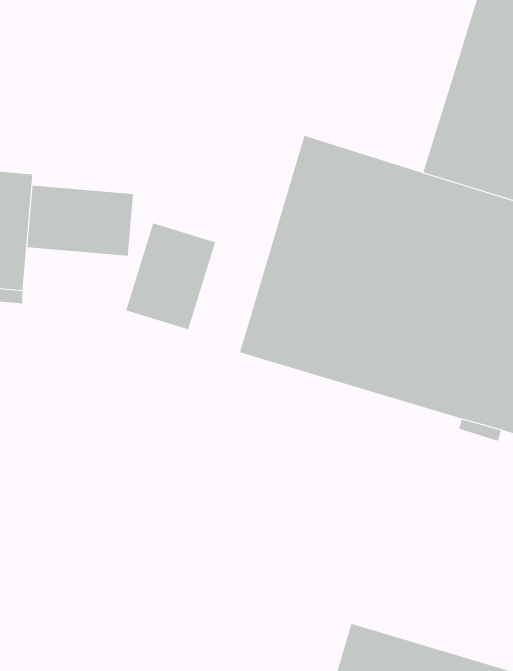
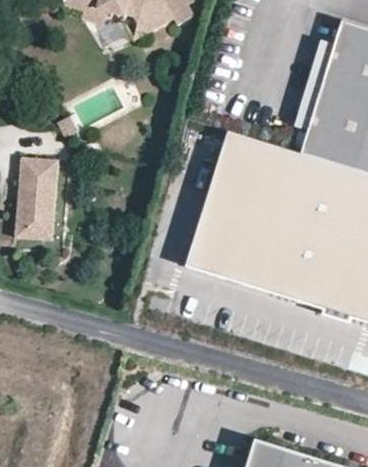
building: [27,185,133,256] -> none
building: [126,222,216,330] -> none

